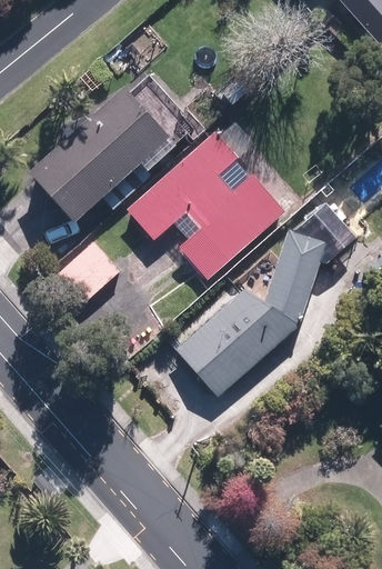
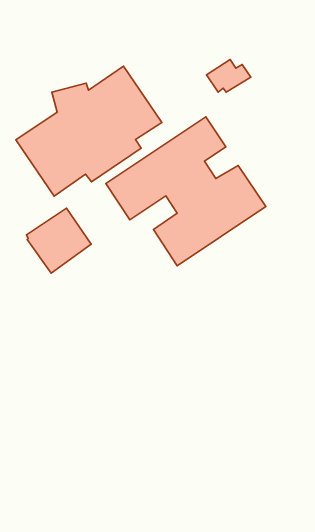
building: [179,228,332,393] -> none

